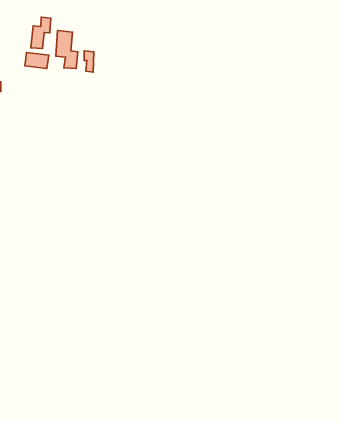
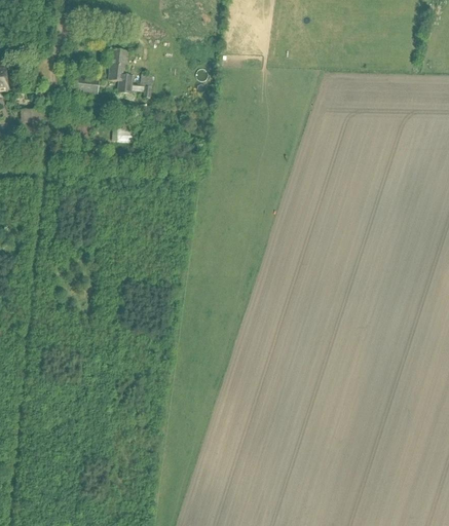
building: [31,17,51,49] -> none

